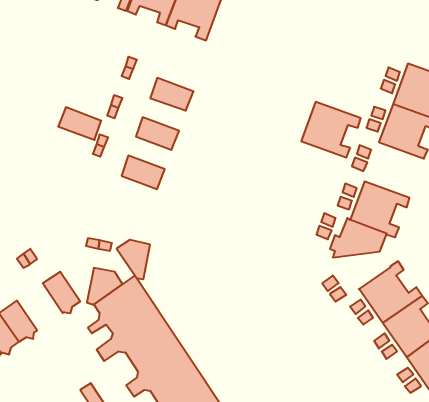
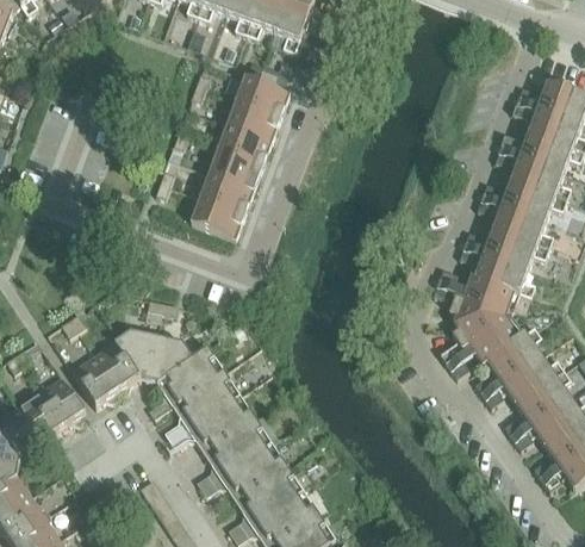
building: none -> [235,73,290,114]
building: none -> [217,123,270,163]
building: [301,102,361,158] -> [492,178,566,247]
building: [58,107,101,140] -> [199,170,253,211]
building: [117,240,150,279] -> [114,328,156,377]
building: none -> [452,313,524,362]
building: none -> [70,353,118,404]

